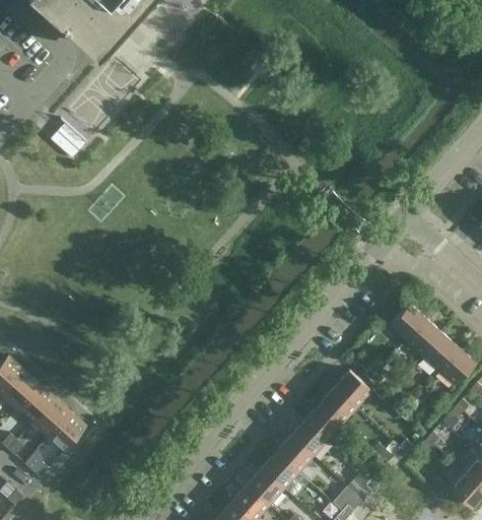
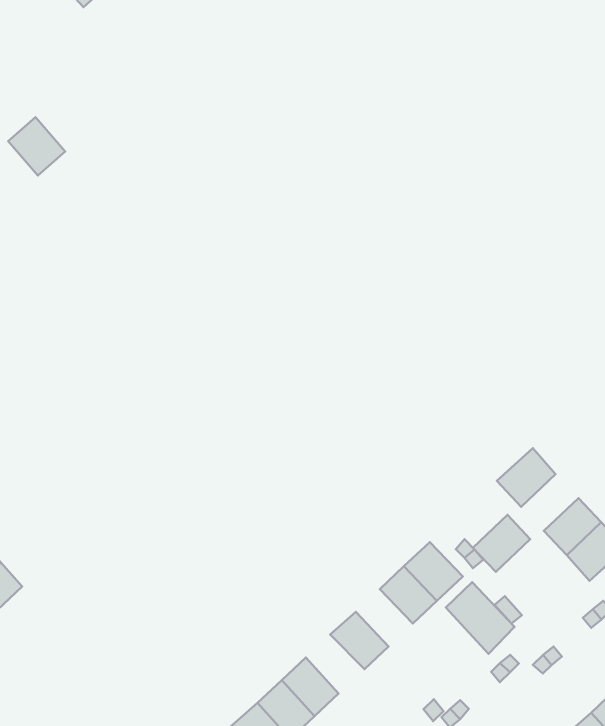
building: [404,318,440,355] -> [473,515,530,572]
building: none -> [446,582,515,654]
building: [303,403,341,440] -> none
building: [274,436,313,473] -> none

